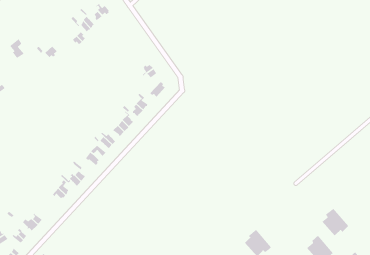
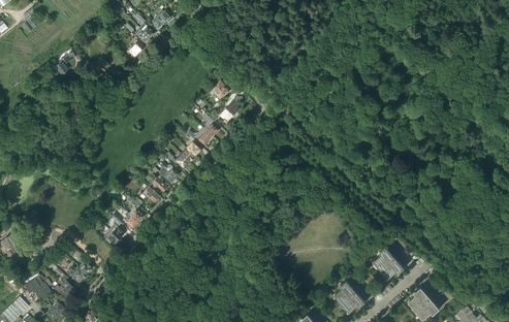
building: [322,208,349,236] -> [373,245,406,279]

